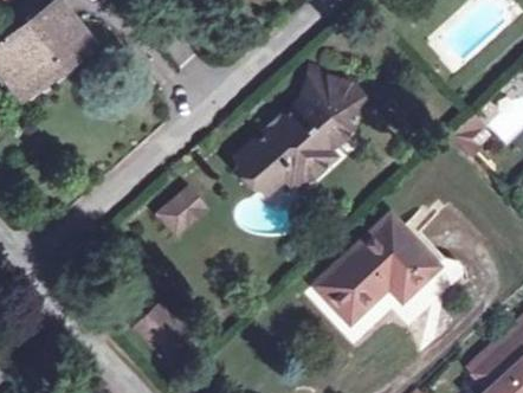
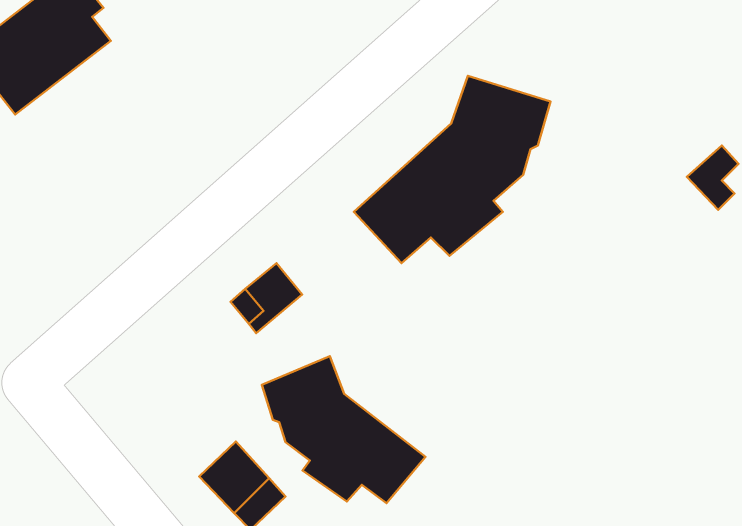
building: [318,214,435,318] -> none
building: none -> [262,356,425,503]

